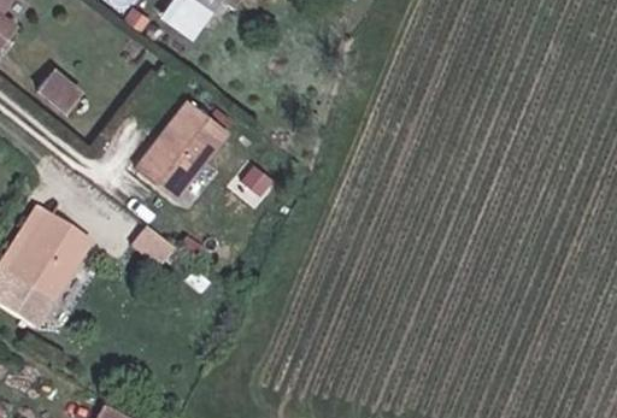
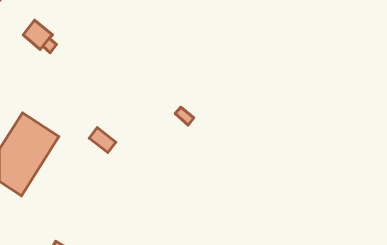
building: [135,100,228,199] -> none

